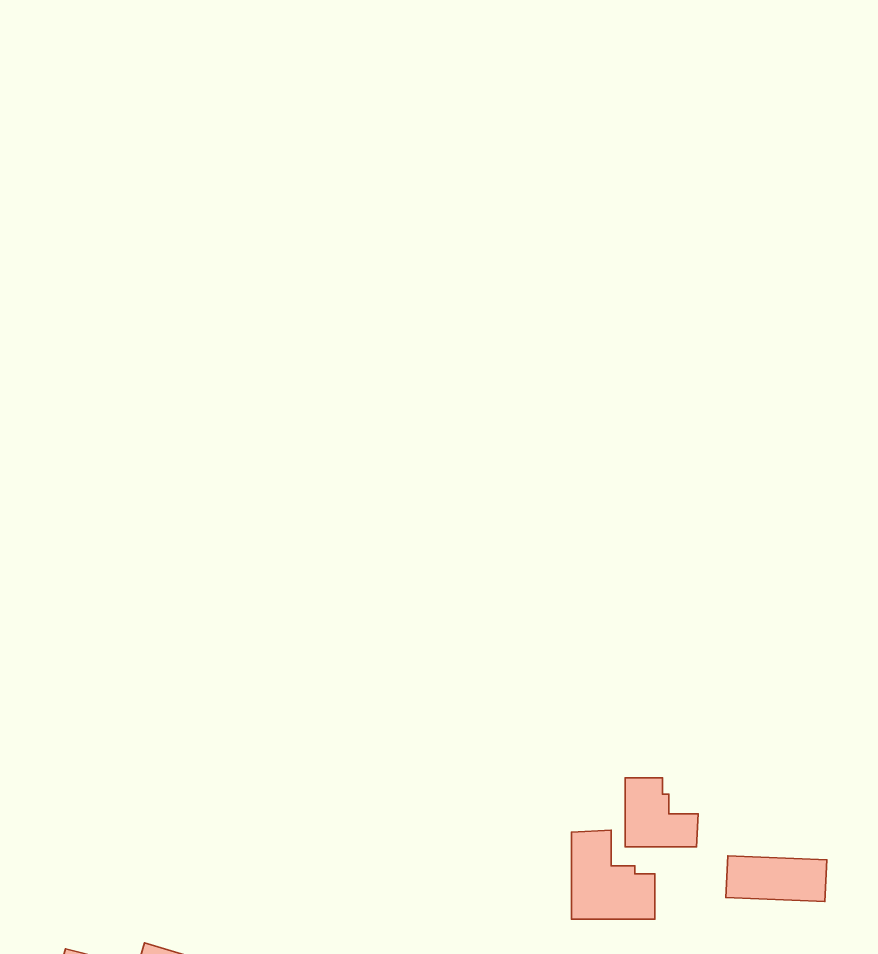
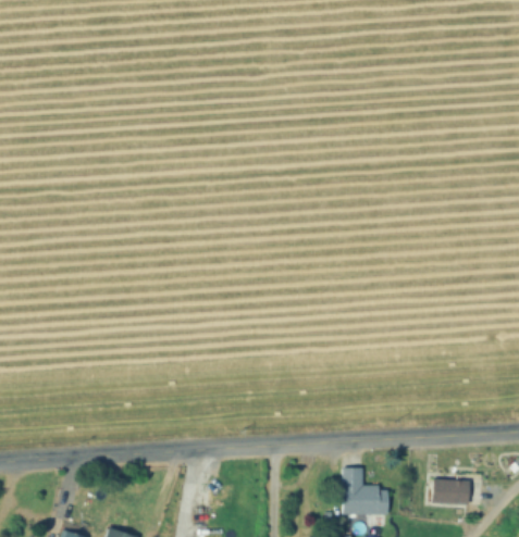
building: [625,778,698,847] -> none

